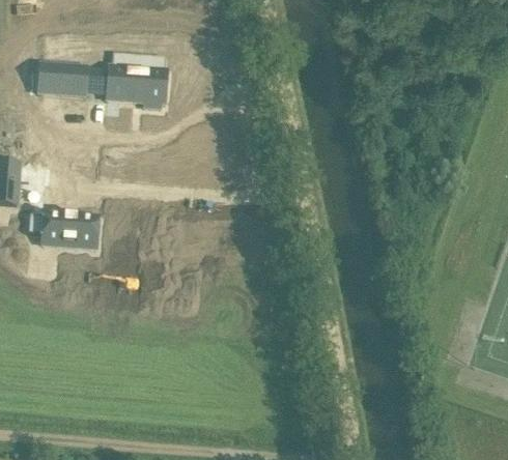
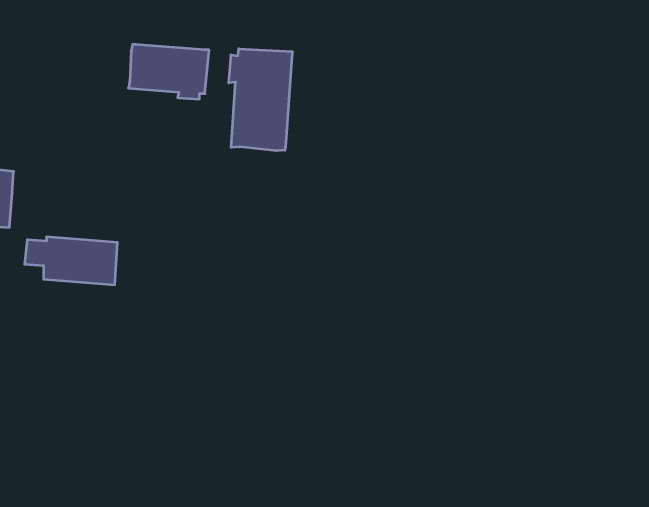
building: [38,67,88,98] -> none
building: none -> [229,49,292,151]

